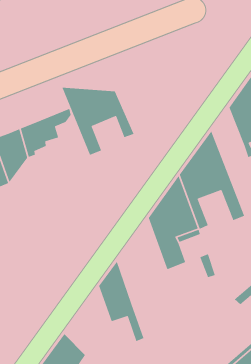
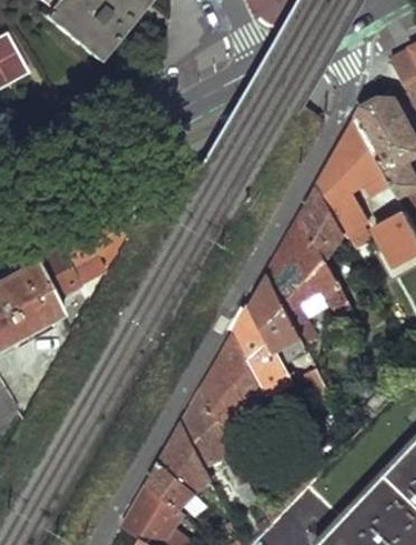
building: [61,87,134,156] -> none
building: none -> [306,184,344,240]
building: none -> [203,332,264,441]
building: none -> [148,423,210,511]

